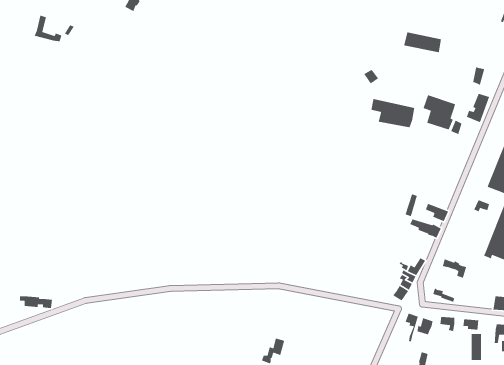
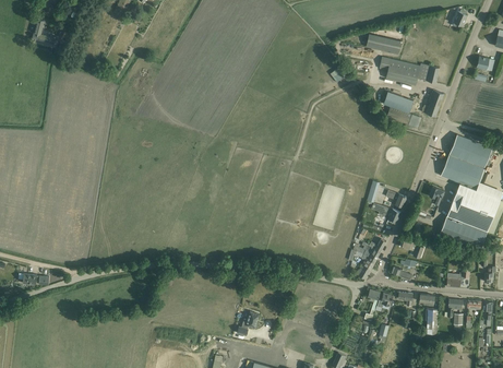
building: [370,98,415,128] -> [380,58,420,85]

